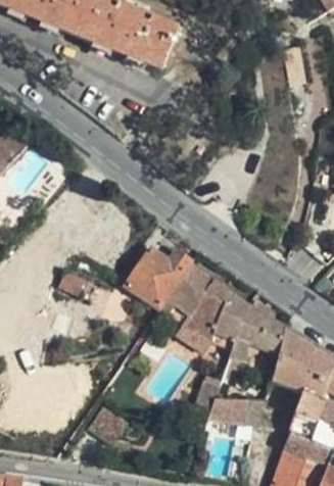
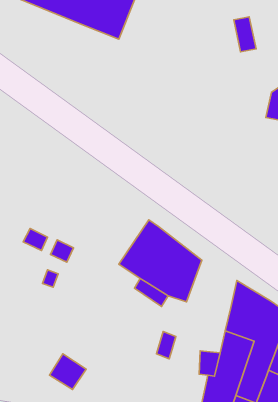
building: [126,247,192,308] -> none
building: [227,304,285,370] -> none
building: [209,398,246,425] -> none

